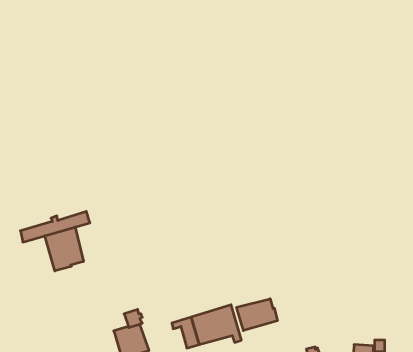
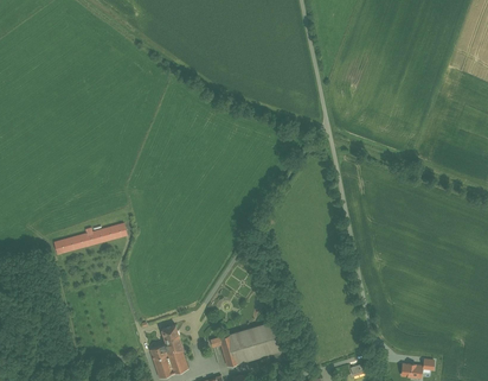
building: [45,227,83,271] -> none
building: [237,299,277,331] -> none

